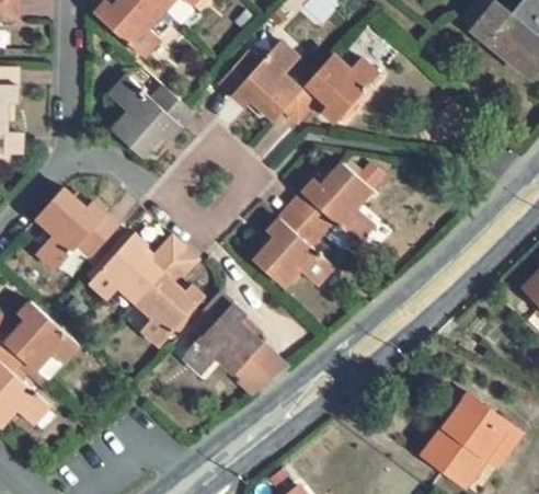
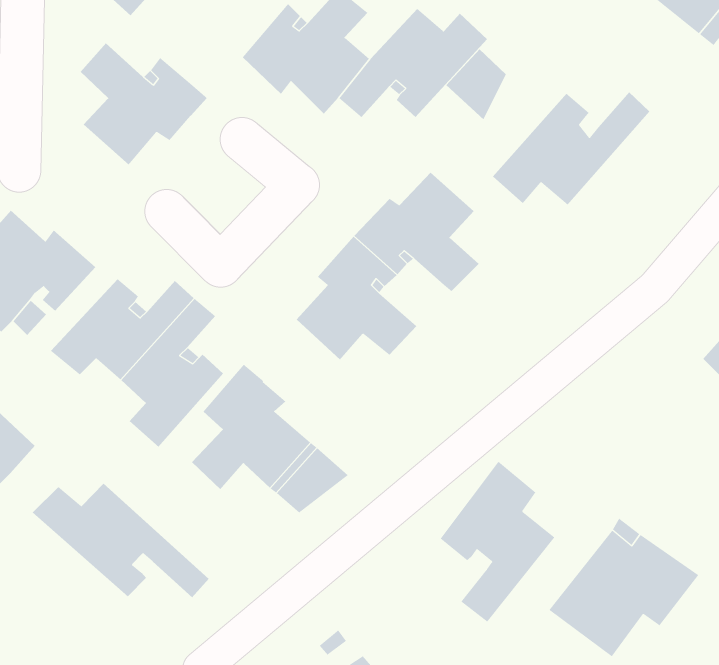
building: none -> [445,48,507,120]
building: none -> [492,92,650,205]
building: none -> [440,461,555,623]
building: none -> [32,483,210,598]

